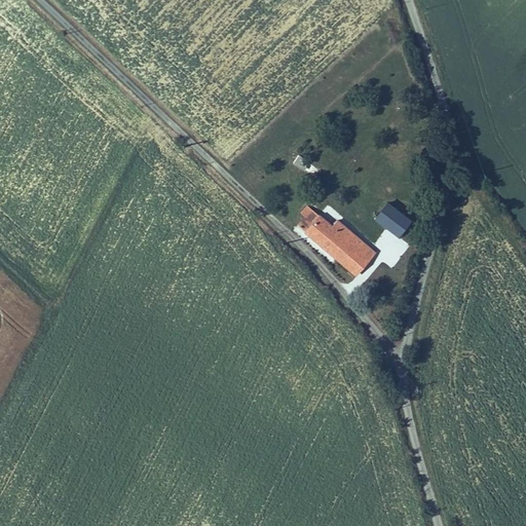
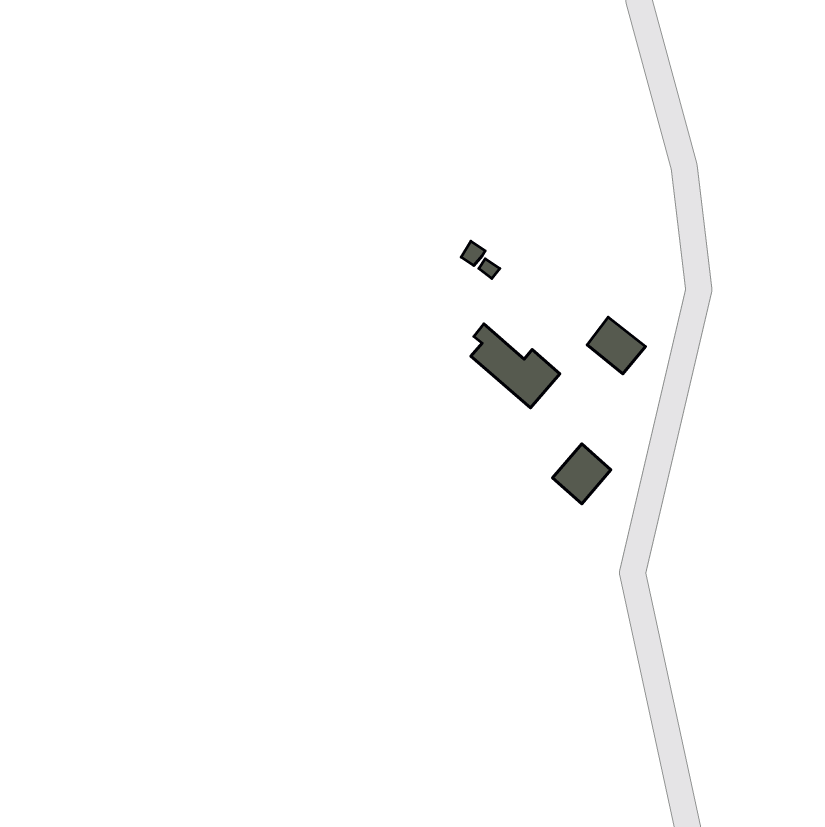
building: [338,237,375,275] -> [553,444,611,504]

